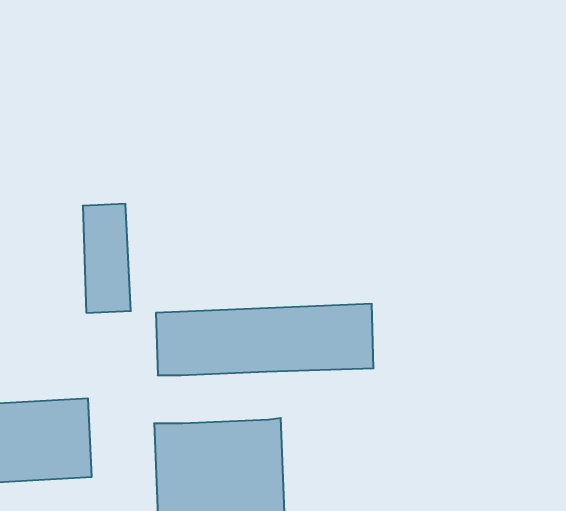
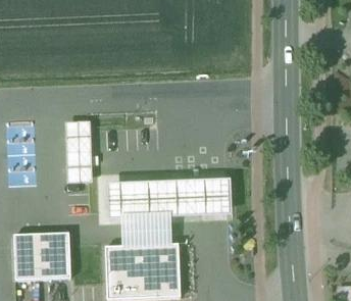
building: none -> [121,215,171,245]

